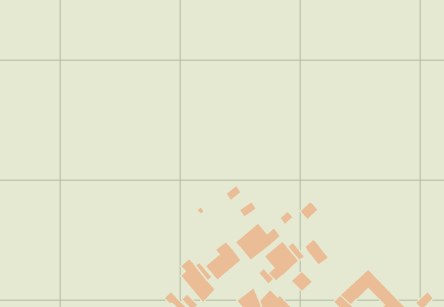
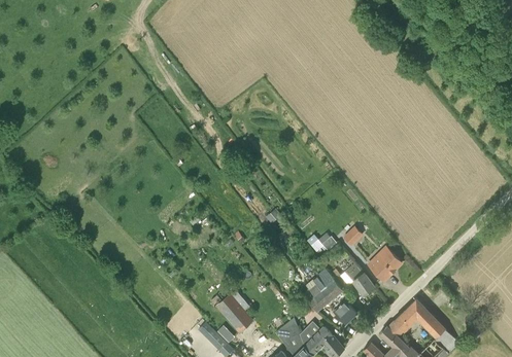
building: none -> [367,247,401,281]
building: [235,223,280,261] -> none
building: [205,242,241,280] -> none

